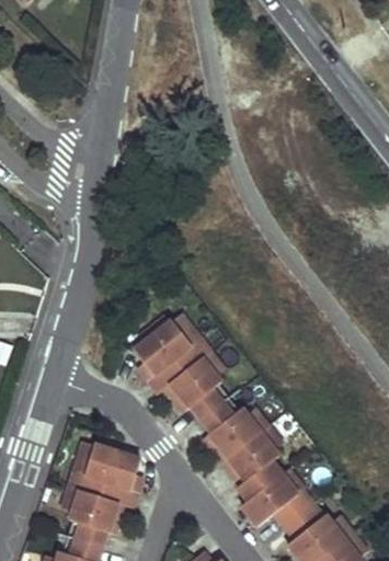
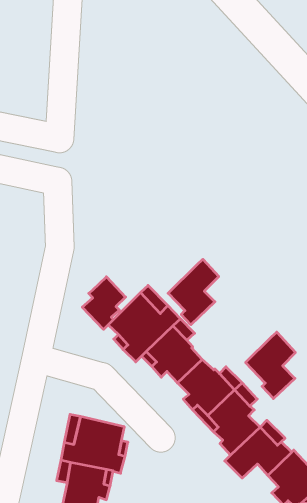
building: none -> [168,259,219,325]
building: none -> [82,277,126,329]
building: none -> [246,332,295,399]

